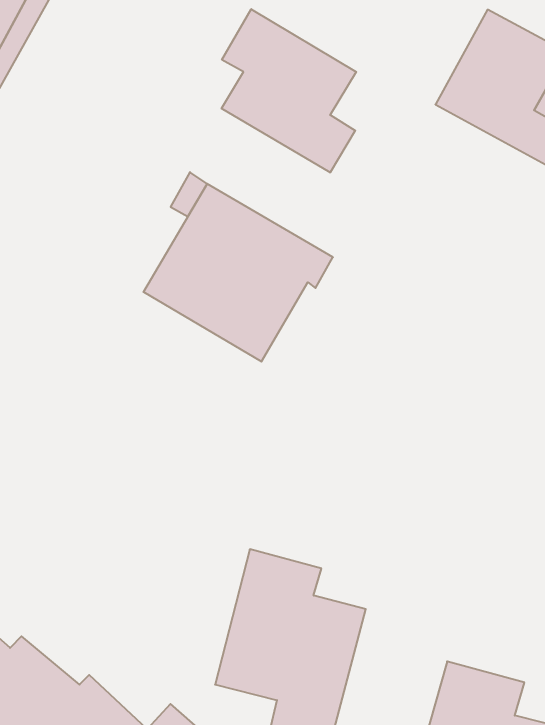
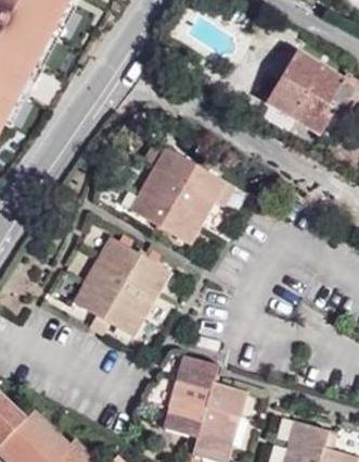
building: [222,9,356,173] -> none
building: none -> [62,239,163,344]

